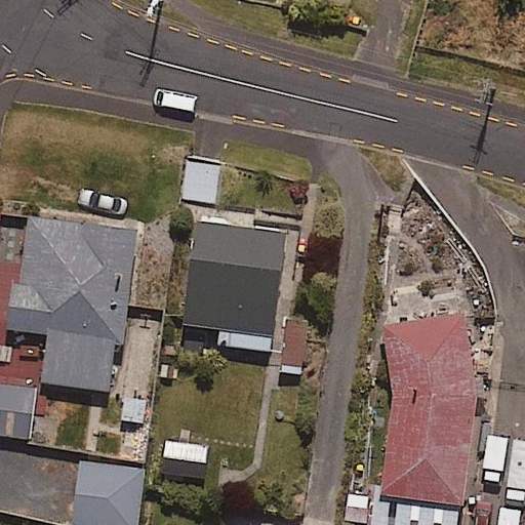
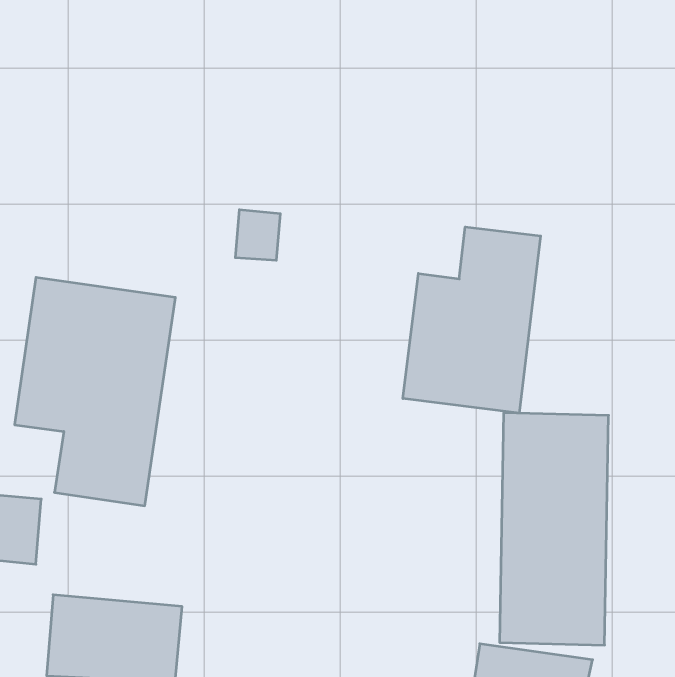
building: none -> [403,227,541,413]
building: [184,220,283,351] -> none

